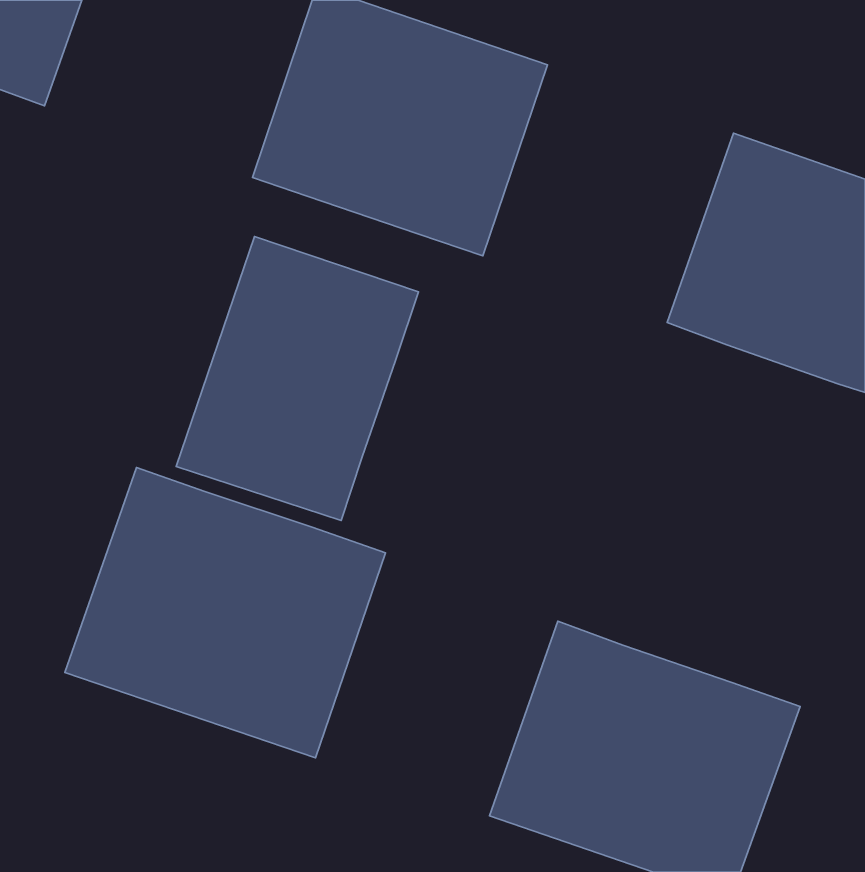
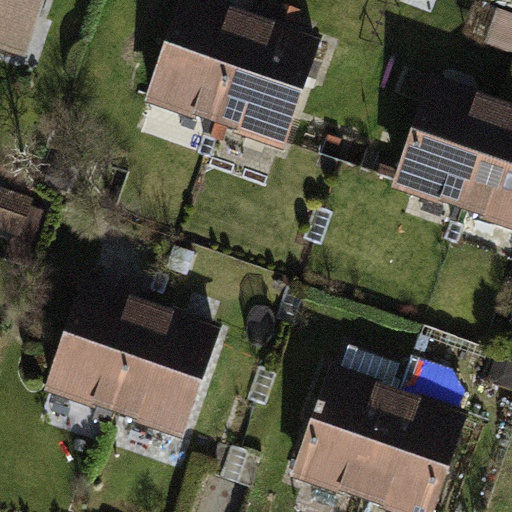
building: [176,236,418,521] -> none

